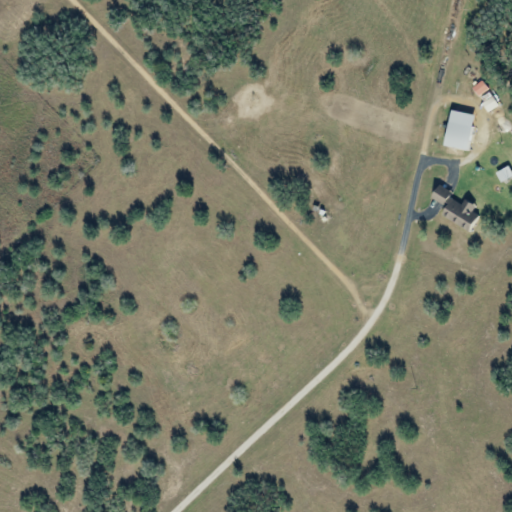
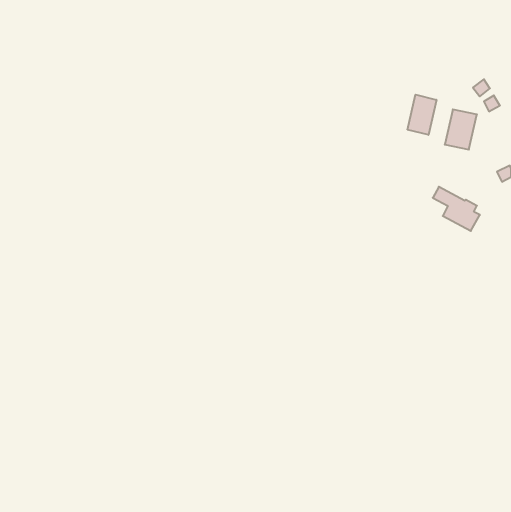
building: none -> [408,95,436,135]

